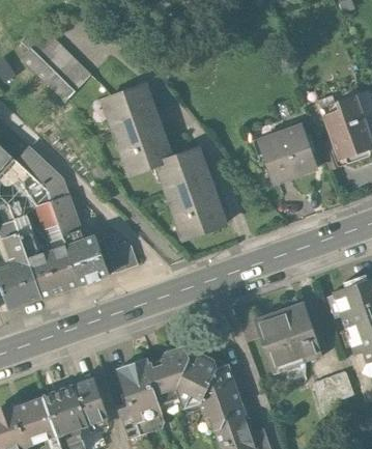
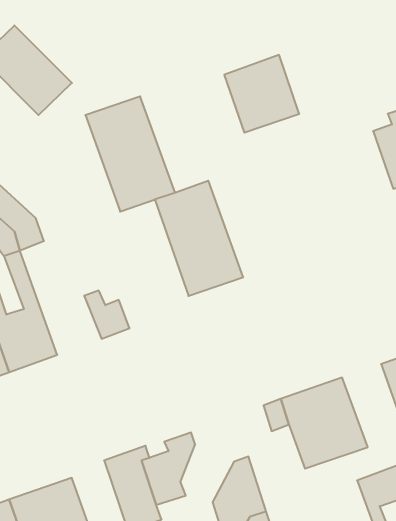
building: [258,122,316,183] -> [224,55,299,133]
building: [52,196,110,284] -> none
building: [176,346,218,404] -> none

